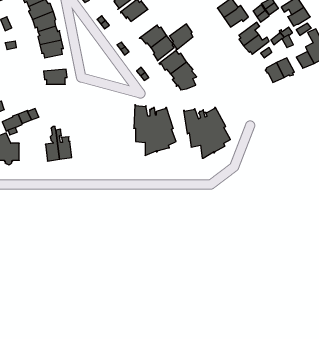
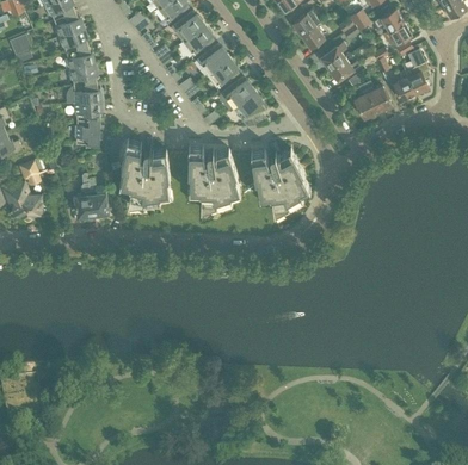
building: [169,24,193,50] -> [183,24,213,57]
building: none -> [66,81,100,103]
building: none -> [73,119,101,145]
building: none -> [118,140,170,205]

